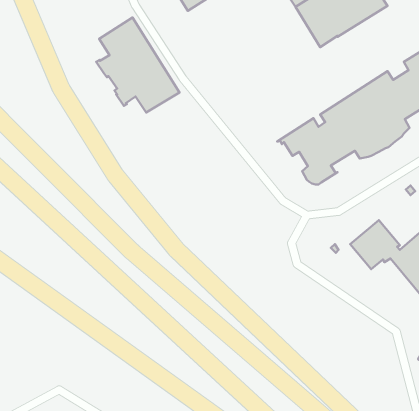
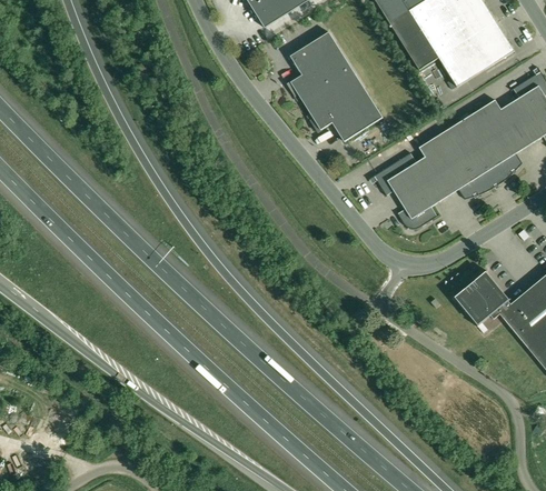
building: none -> [438,21,514,86]
building: [96,18,180,113] -> [286,30,383,140]

